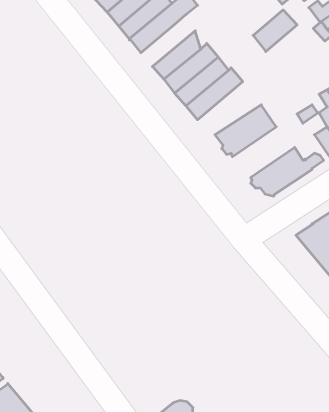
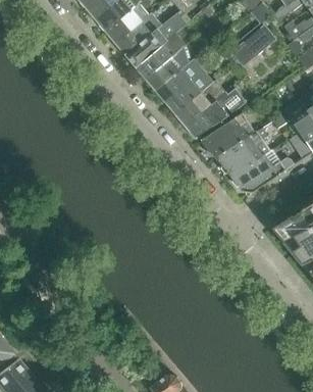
building: none -> [136,33,187,79]
building: none -> [186,88,247,138]
building: none -> [216,127,271,177]

